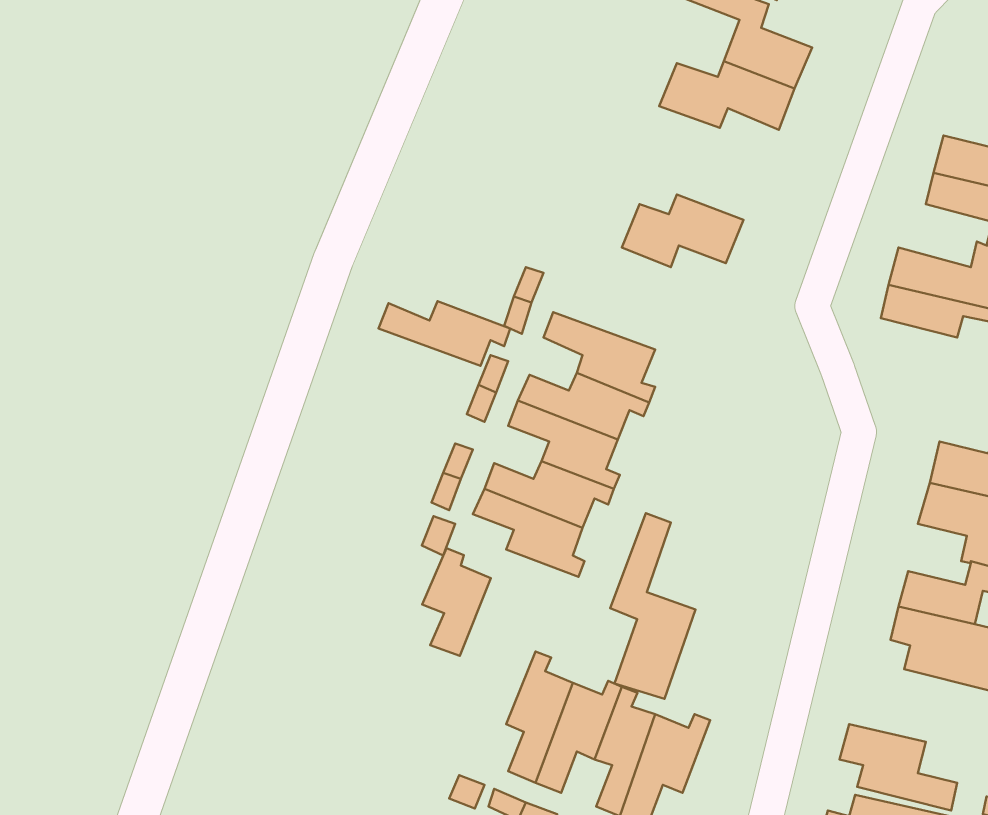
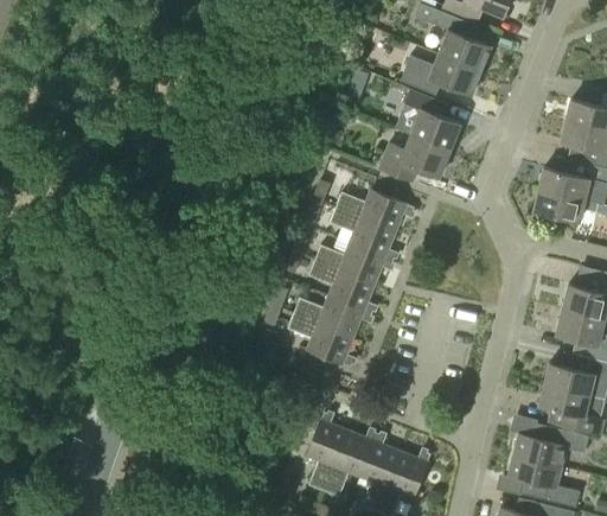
building: none -> [400,88,461,151]
building: [379,301,510,366] -> [336,190,415,229]
building: [610,513,696,699] -> none
building: [422,548,491,656] -> none
building: none -> [515,423,589,466]

